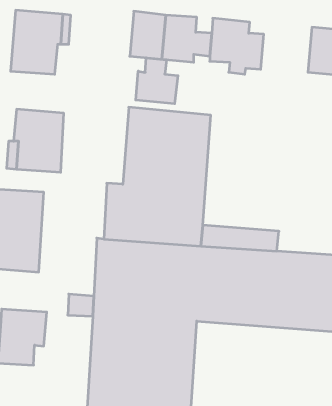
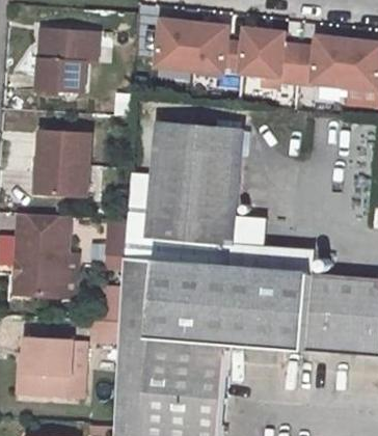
building: none -> [297,39,350,88]
building: [136,58,178,104] -> none

